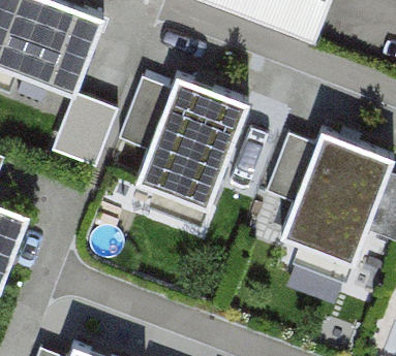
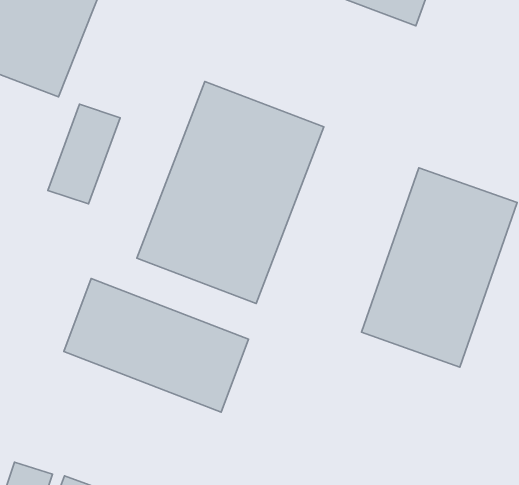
building: none -> [64,278,249,412]

